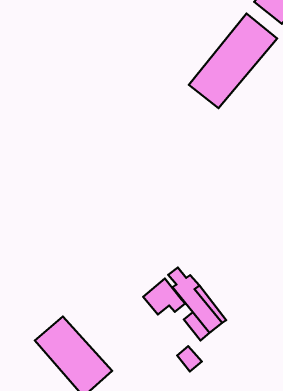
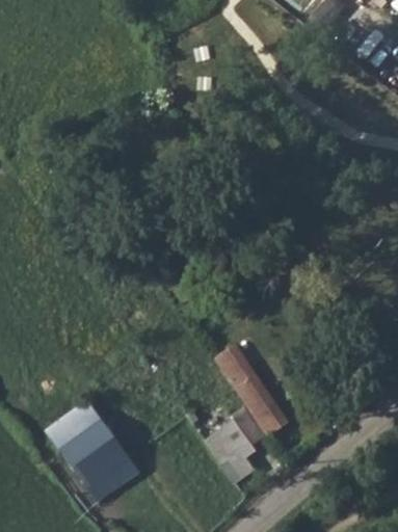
building: [189,13,277,108] -> none
building: [143,279,185,315] -> [205,417,256,460]

